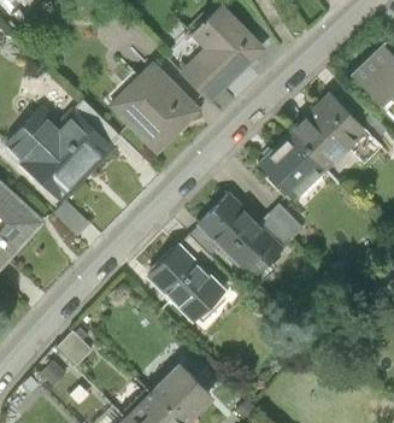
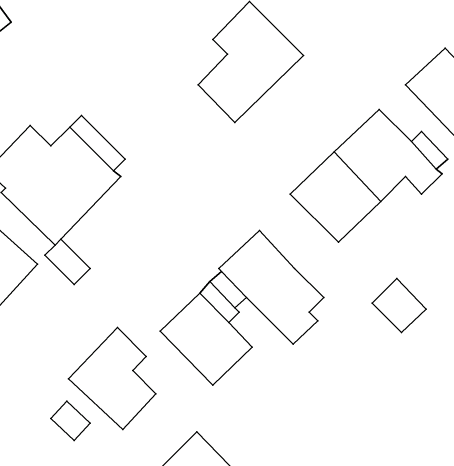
building: [108,60,202,154] -> none
building: [259,204,304,248] -> [372,278,426,332]
building: none -> [68,328,156,430]

